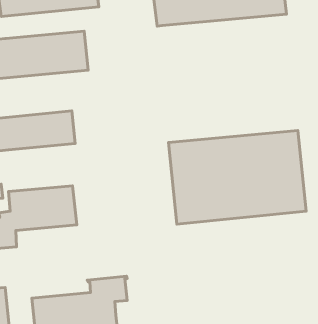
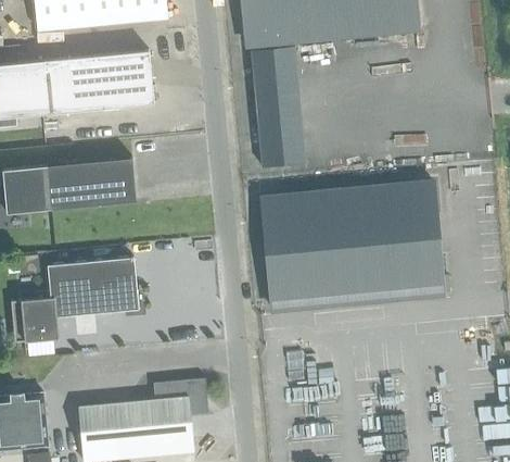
building: none -> [252,39,304,168]

